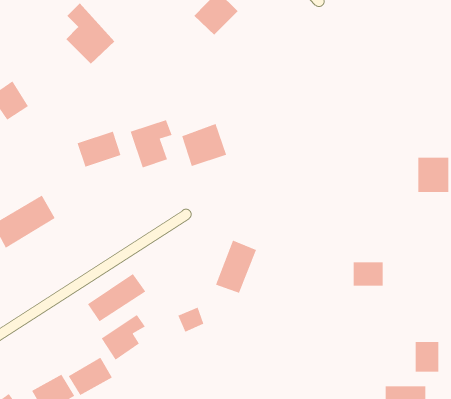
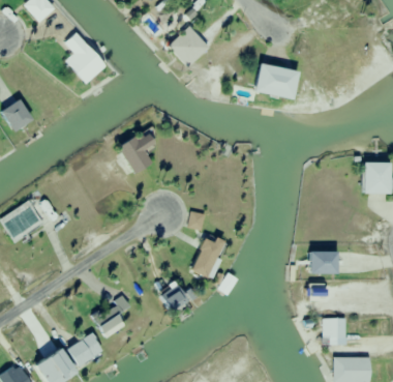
building: none -> [253,63,297,99]
building: [182,123,227,167] -> none
building: [77,131,121,167] -> none
building: [87,273,146,322] -> none
building: [415,342,439,372] -> [327,319,347,345]

